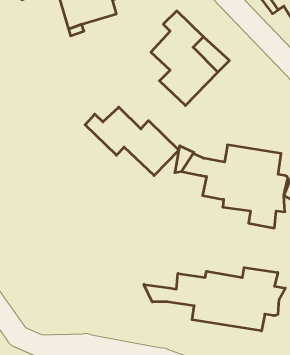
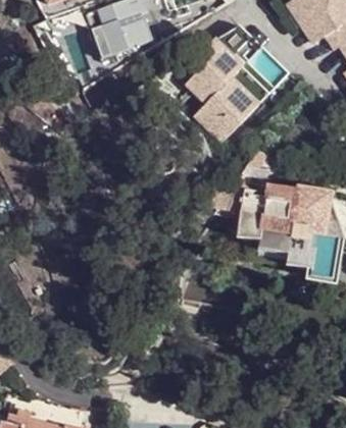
building: [85,107,179,176] -> none
building: [144,268,285,331] -> none

